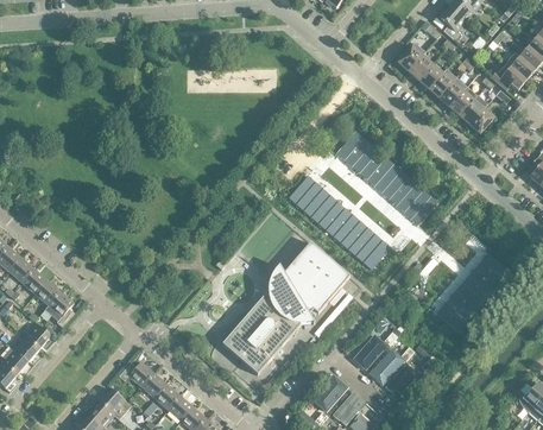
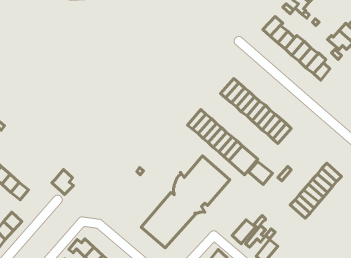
building: none -> [248,161,272,184]
building: [44,291,75,327] -> [52,170,73,194]

